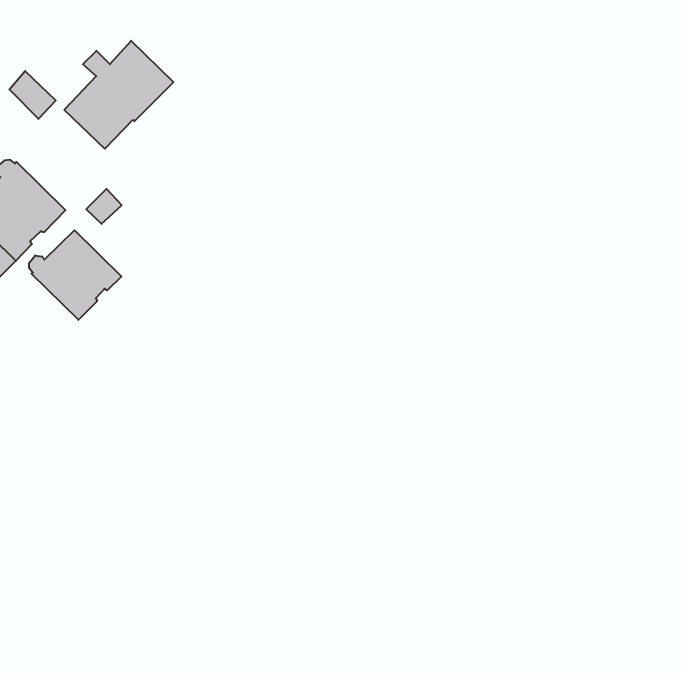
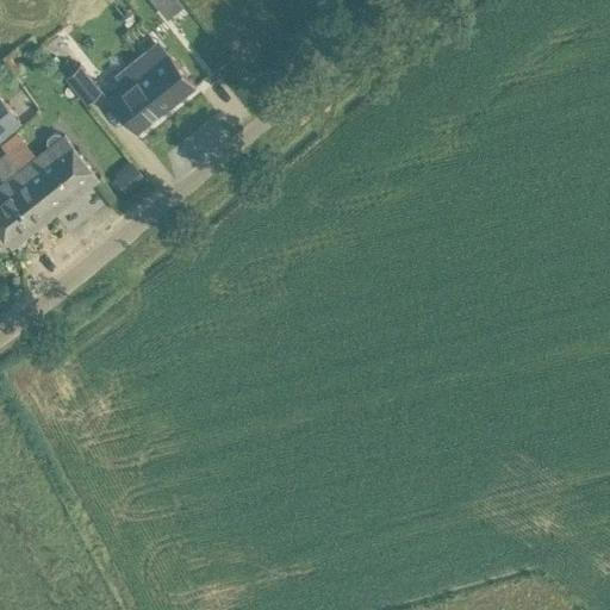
building: [29,230,121,320] -> none

